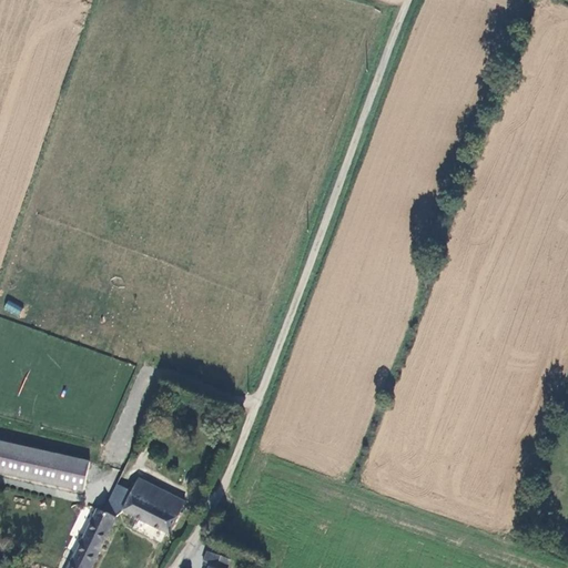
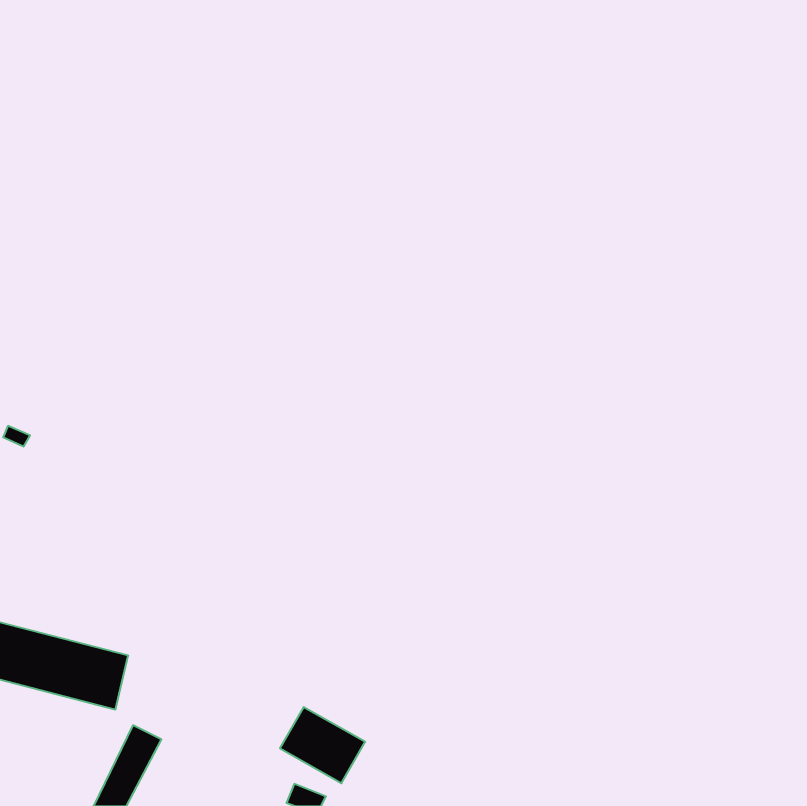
building: [120,476,180,529] -> [280,707,365,783]

